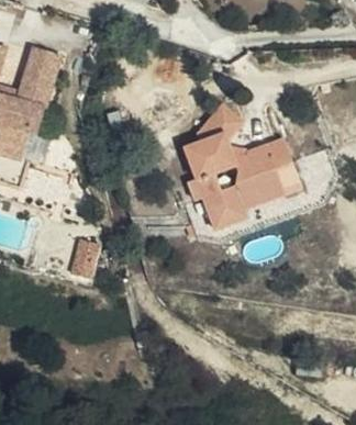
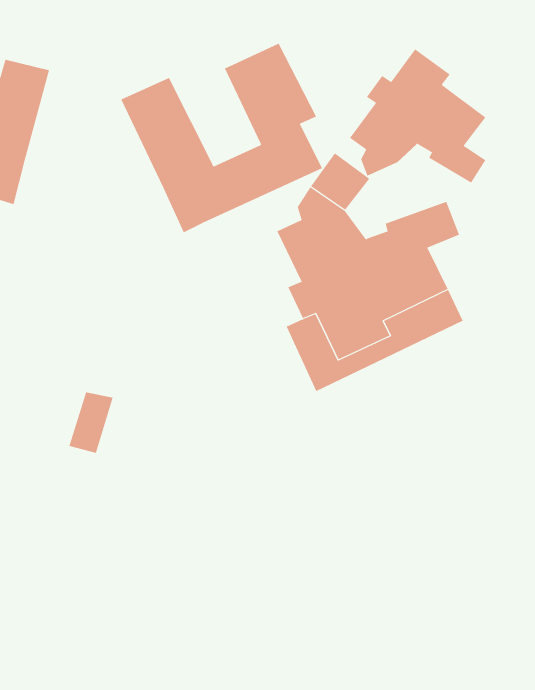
building: none -> [121,43,323,233]
building: none -> [349,49,486,183]

